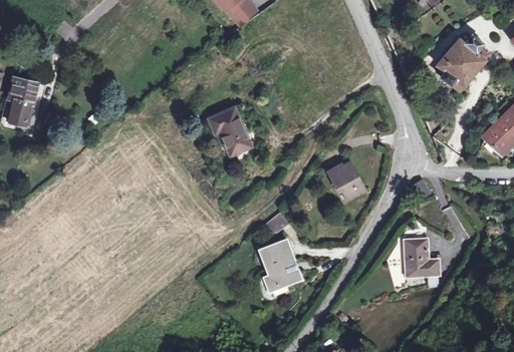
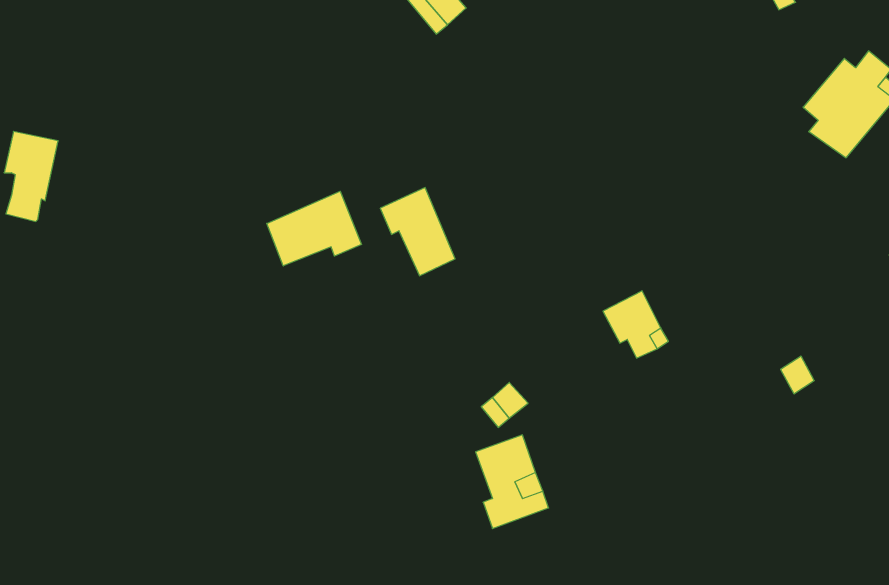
building: none -> [267,191,362,266]
building: [407,237,434,276] -> none

